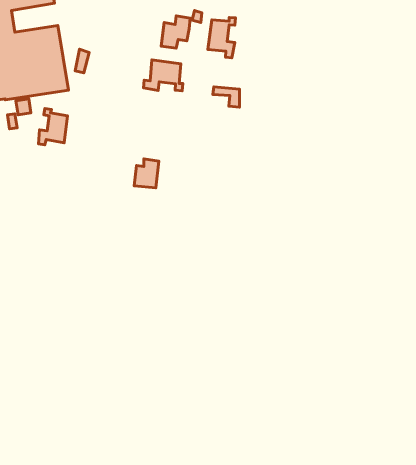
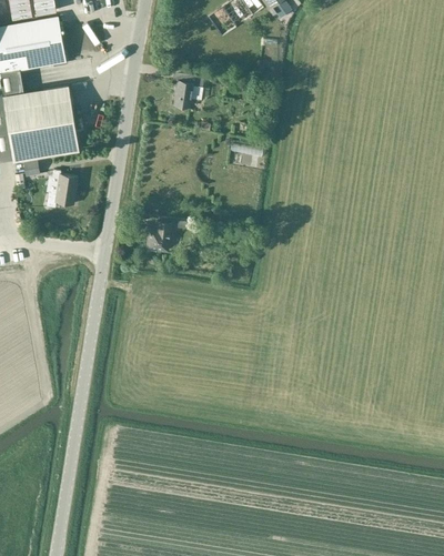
building: [208,17,235,58] -> none
building: [143,60,183,91] -> none

